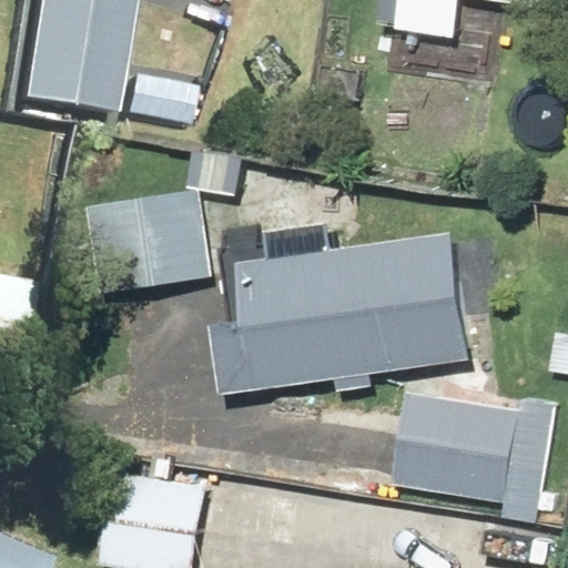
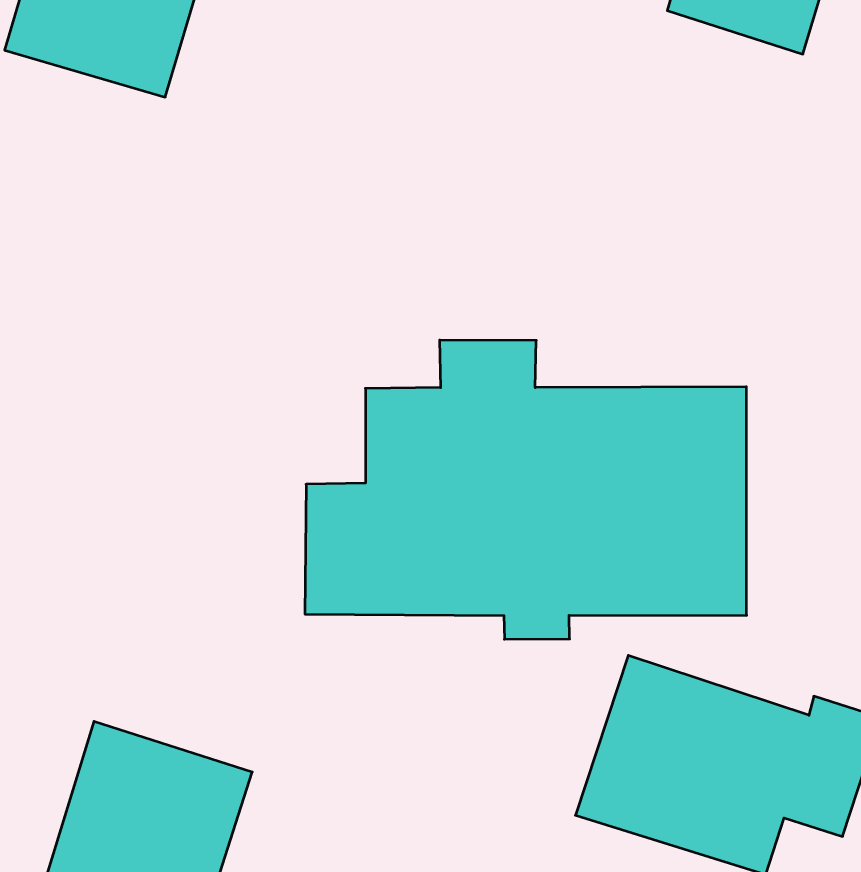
building: [80,189,210,292] -> none

